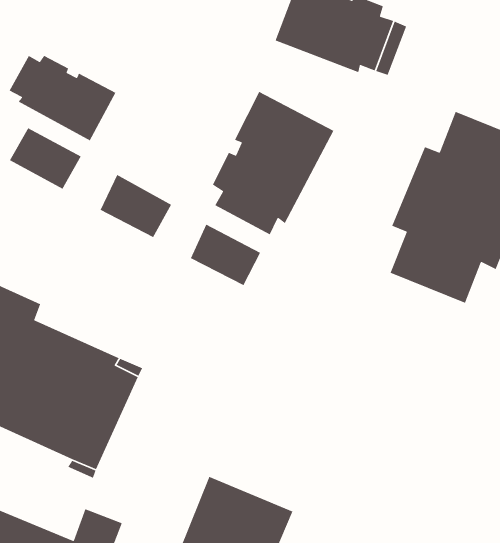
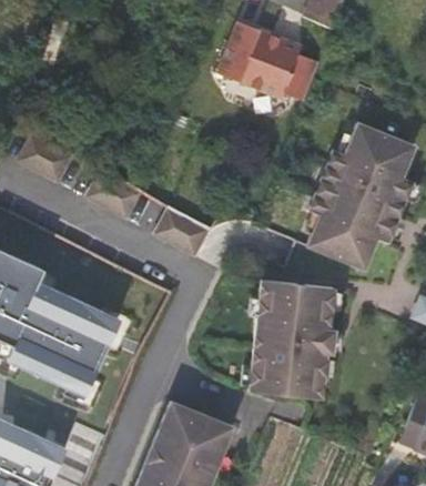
building: [8,55,117,141] -> none
building: [212,91,334,235] -> none
building: none -> [250,280,336,399]

